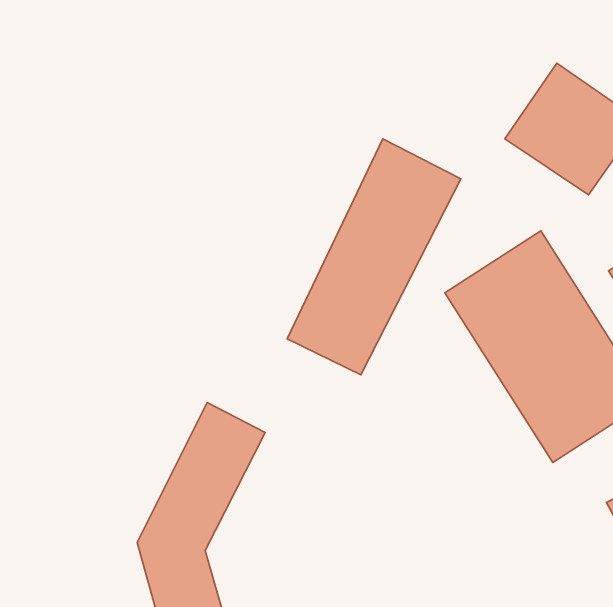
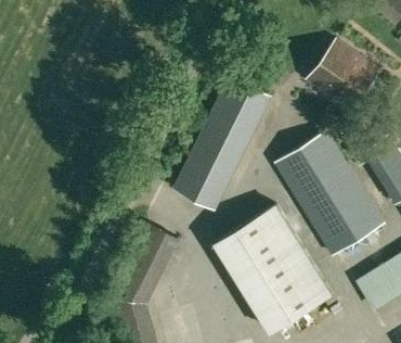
building: none -> [212,204,327,329]

